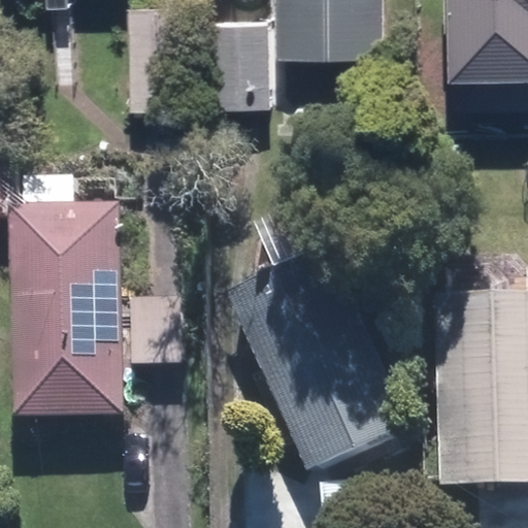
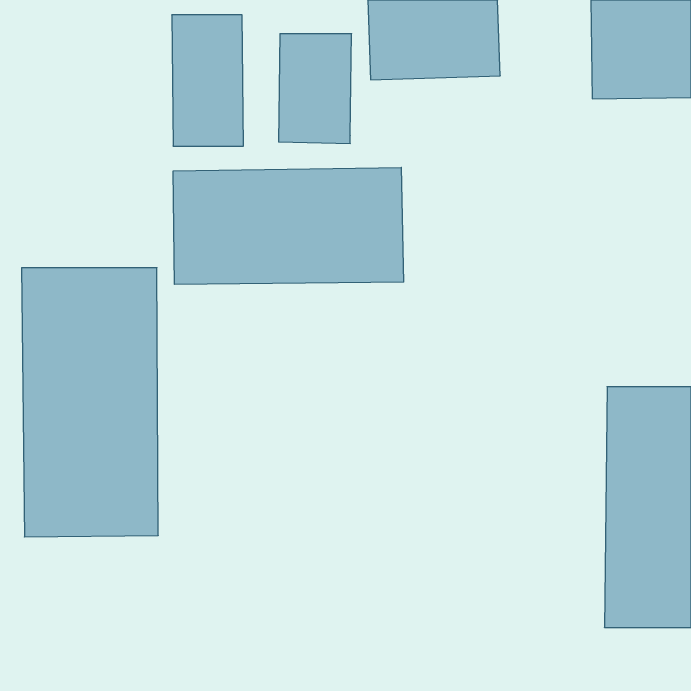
building: none -> [173,167,404,284]
building: [224,253,398,469] -> none

